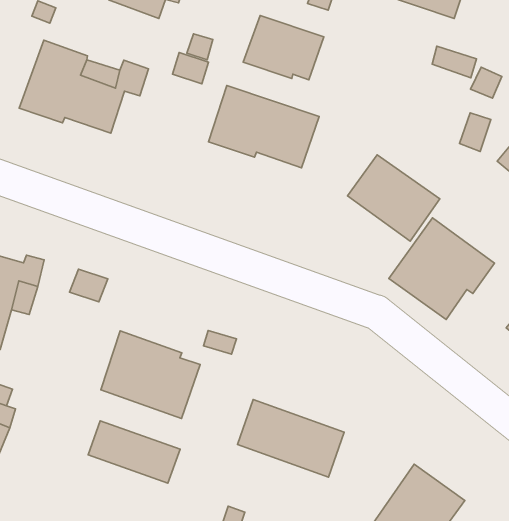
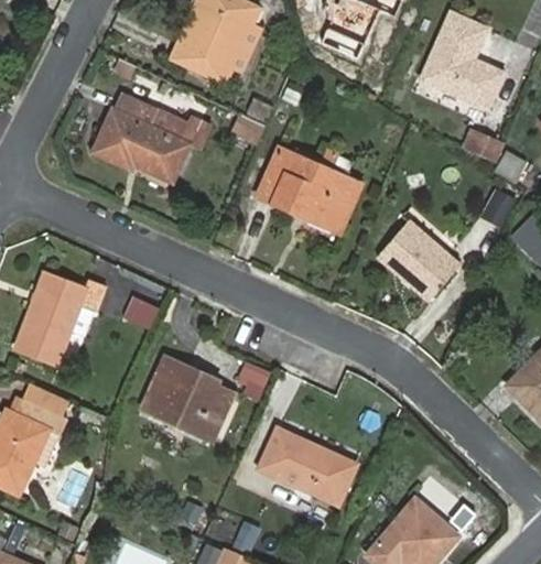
building: [243,15,324,80] -> none
building: [389,218,495,319] -> none
building: [88,421,180,483] -> none

